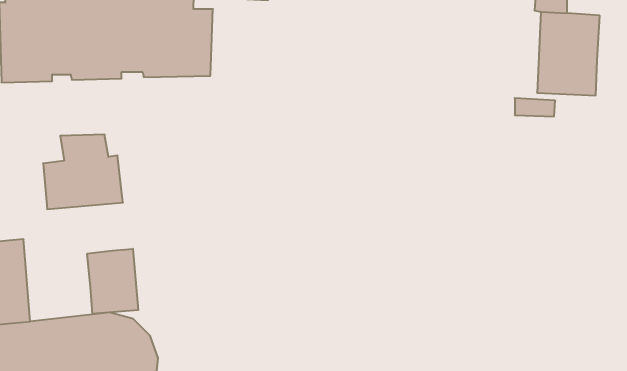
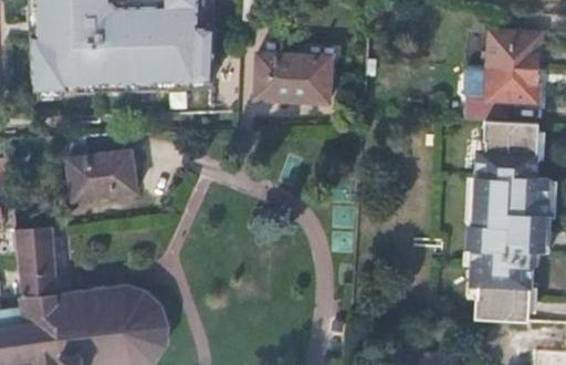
building: none -> [253,53,328,102]
building: none -> [465,124,545,324]
building: [87,249,138,314] -> none

